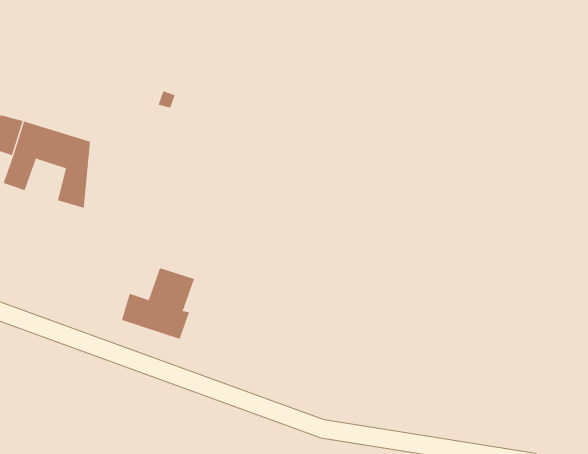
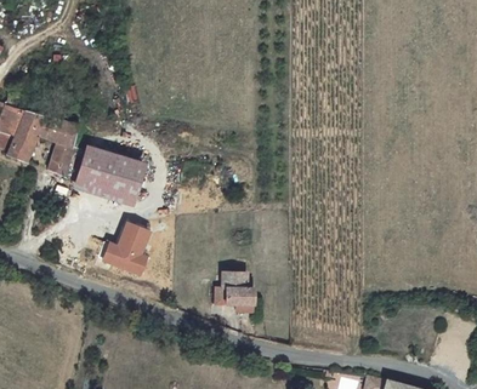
building: none -> [78,154,146,199]
building: none -> [218,280,252,310]

